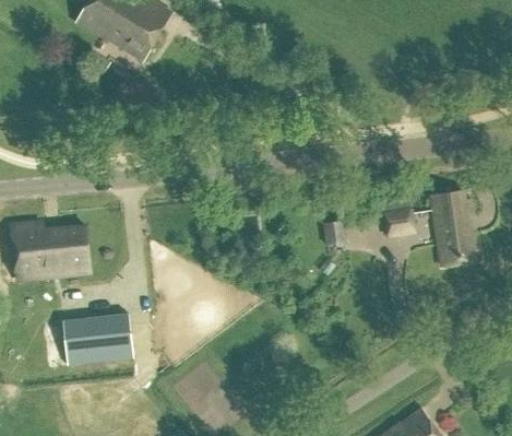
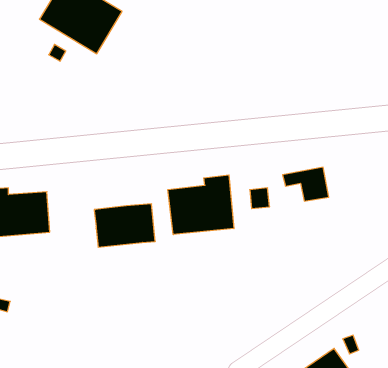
building: [430,190,477,264] -> none
building: none -> [168,175,234,235]
building: [61,314,132,364] -> [94,204,155,247]

